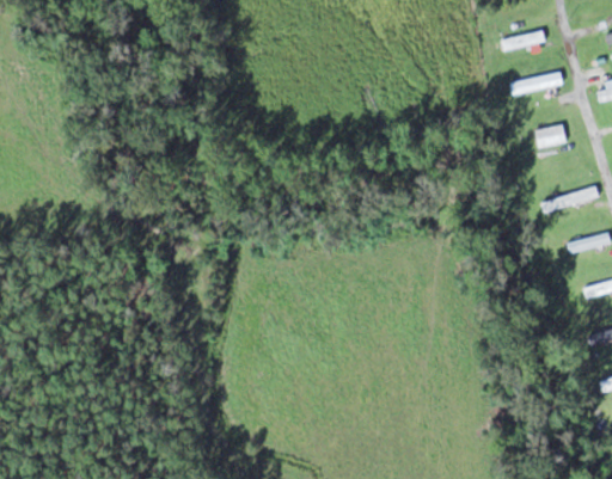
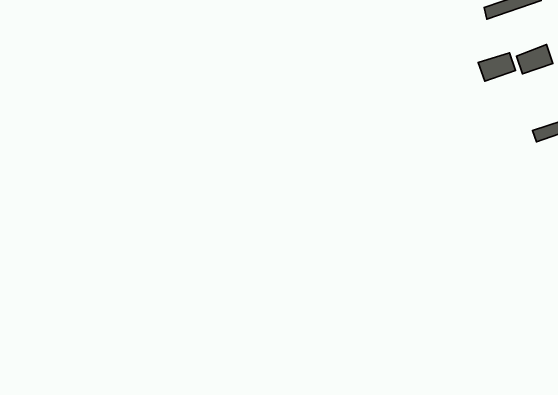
building: none -> [478,53,515,81]

